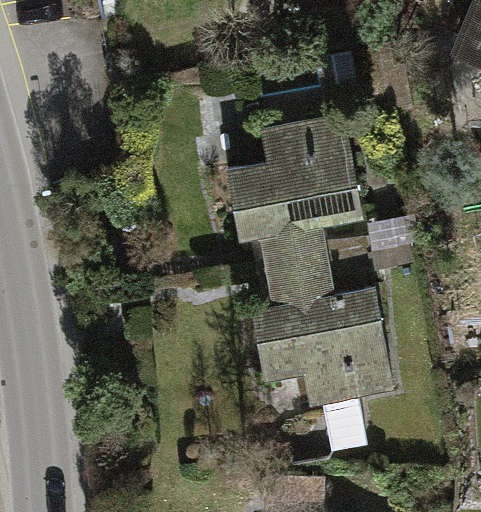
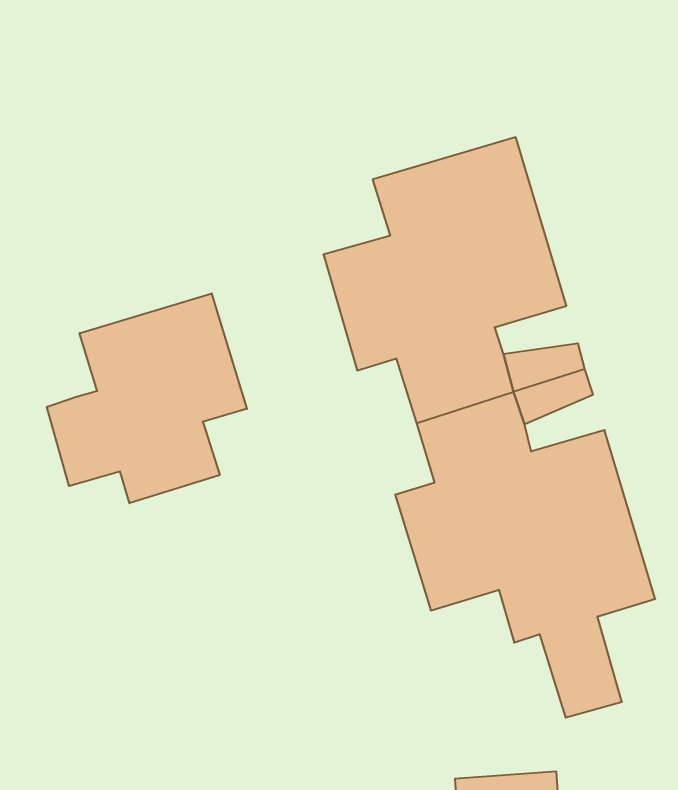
building: none -> [47,293,247,503]

